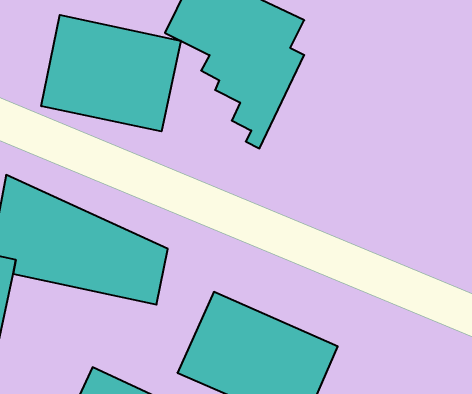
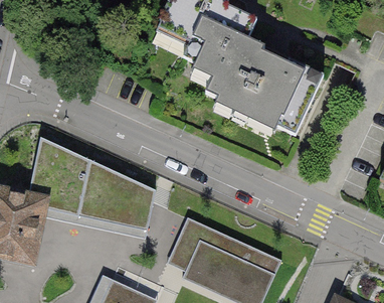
building: [41,15,181,131] -> none
building: none -> [224,48,315,144]

